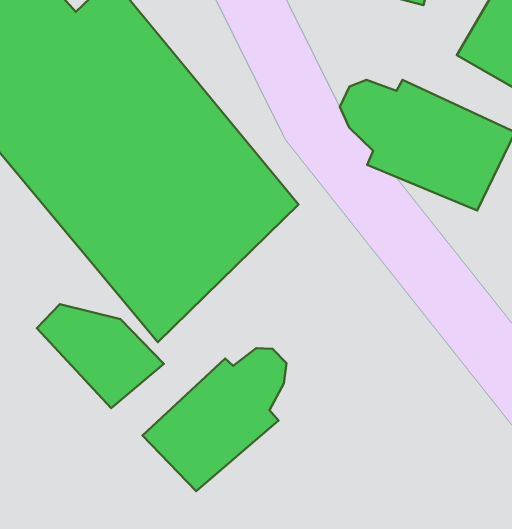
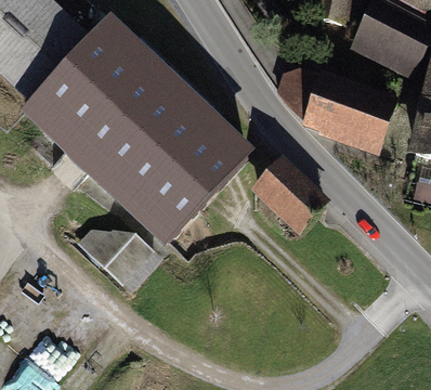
building: none -> [248,154,321,228]
building: [142,348,286,491] -> none

